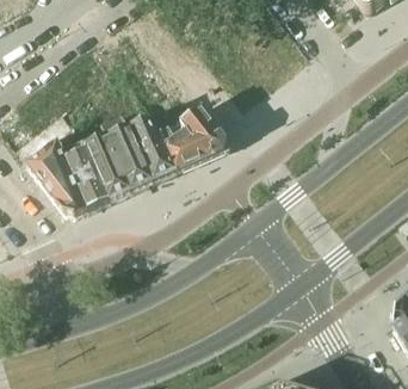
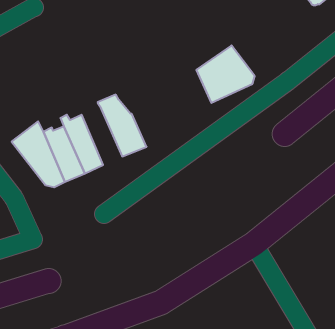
building: [163,111,229,175] -> [196,45,255,103]
building: [100,121,153,196] -> none

